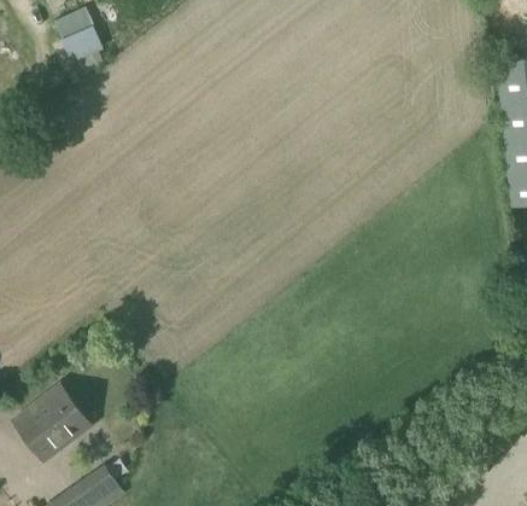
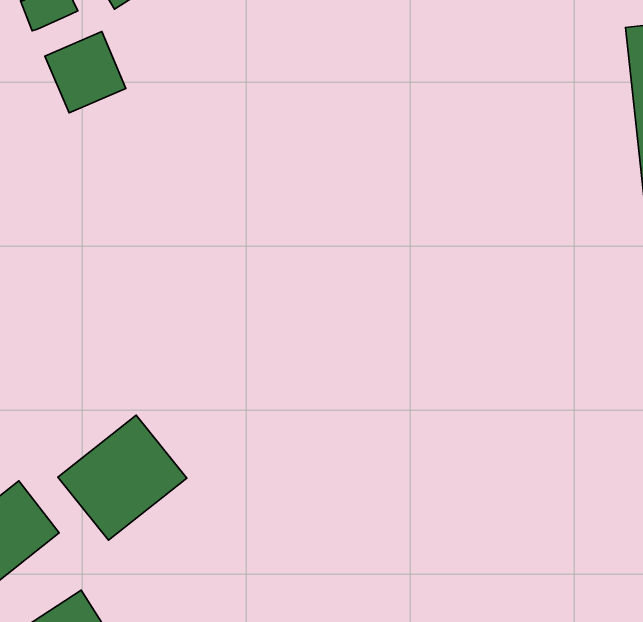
building: none -> [45,31,126,113]
building: none -> [58,415,187,540]

